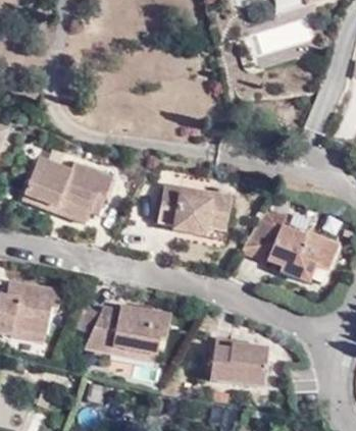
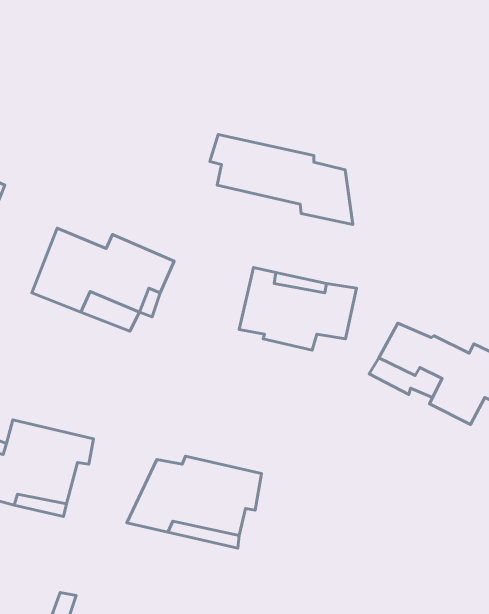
building: none -> [210,135,353,225]
building: [212,336,271,387] -> none

